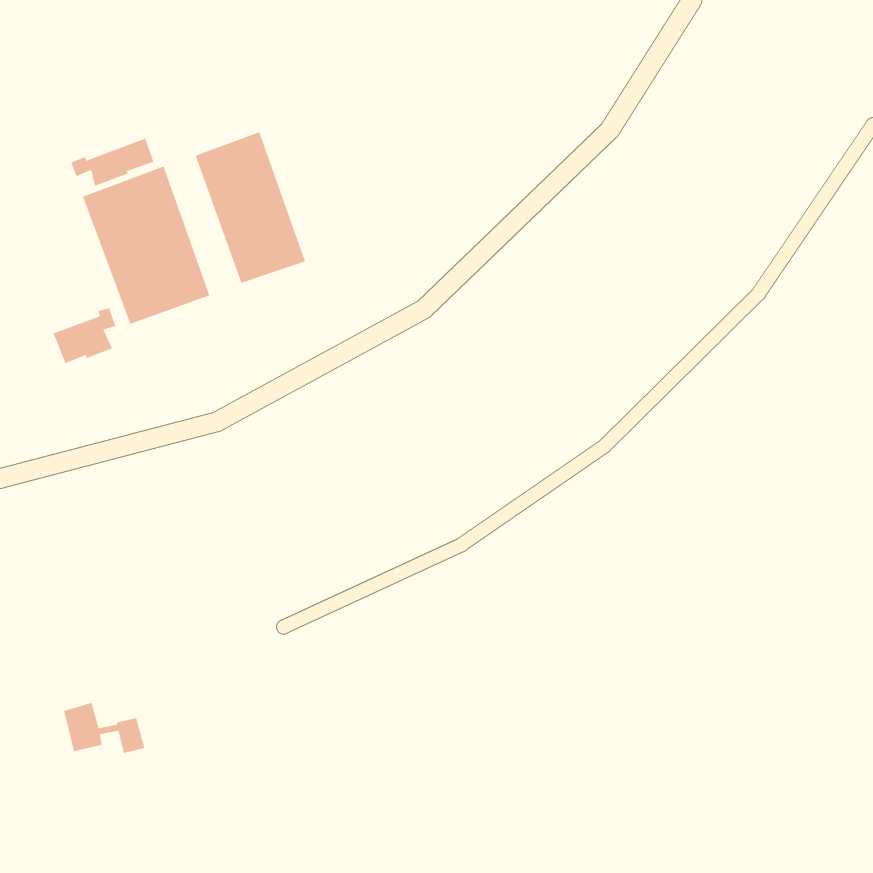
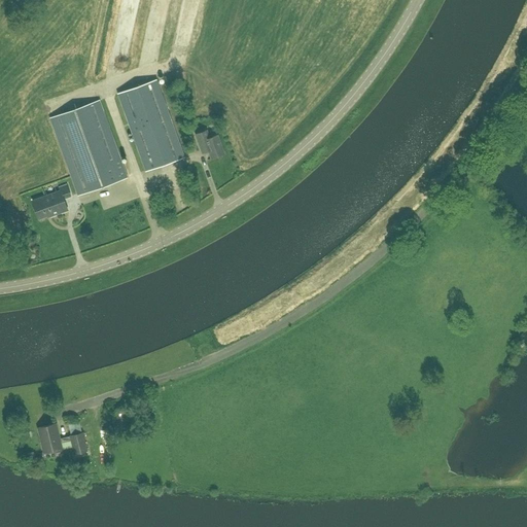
building: [70,138,154,186] -> none
building: none -> [196,130,224,159]

